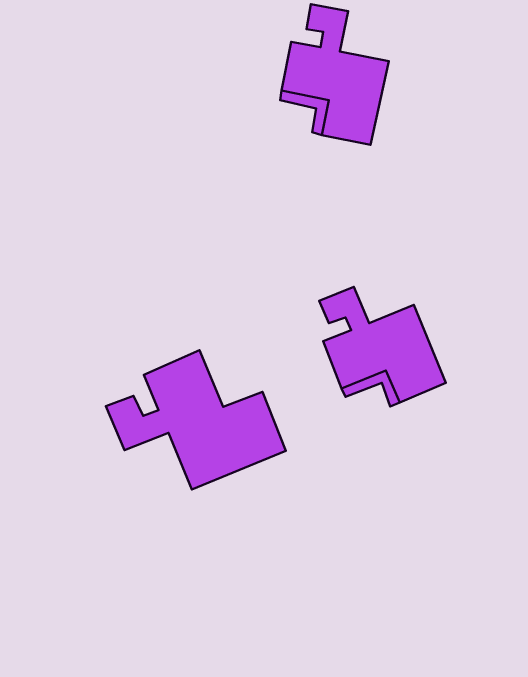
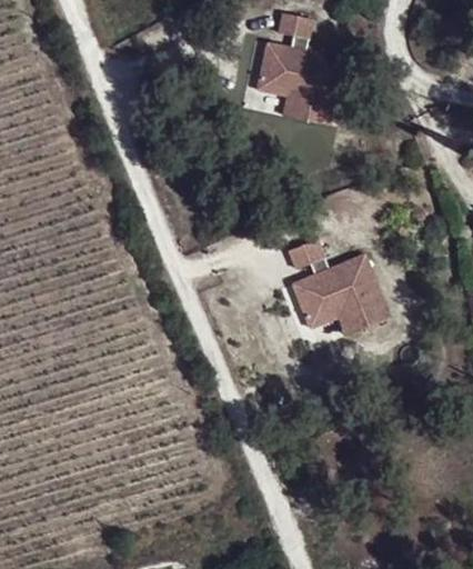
building: [106,350,286,489] -> none

